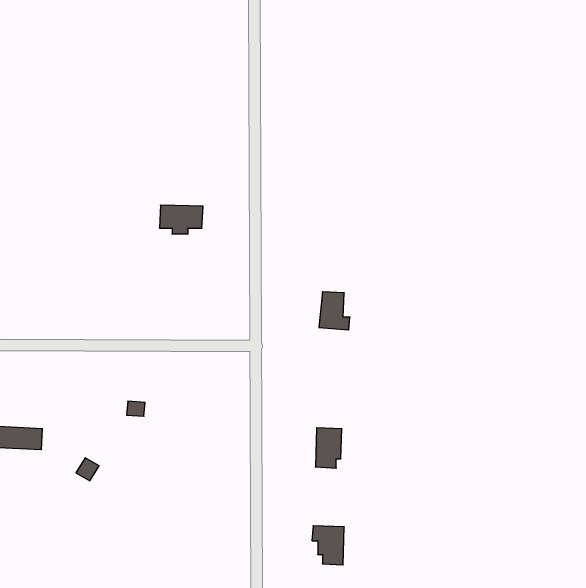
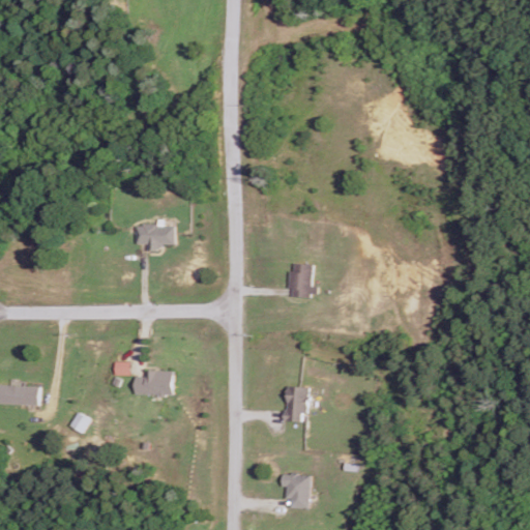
building: [159,205,203,234] -> [135,224,174,249]
building: none -> [135,370,173,394]

